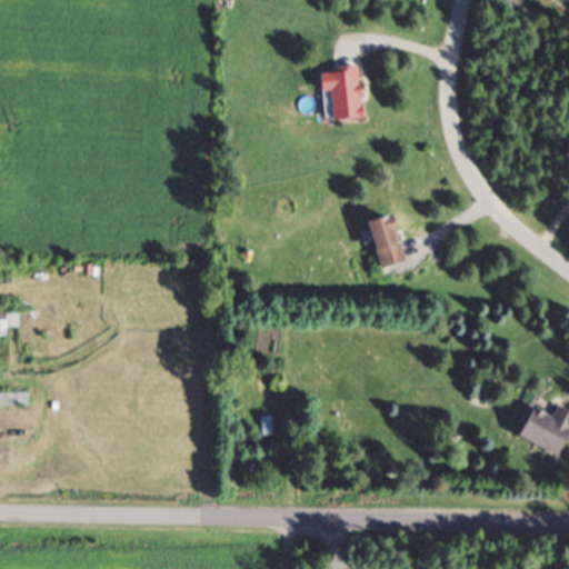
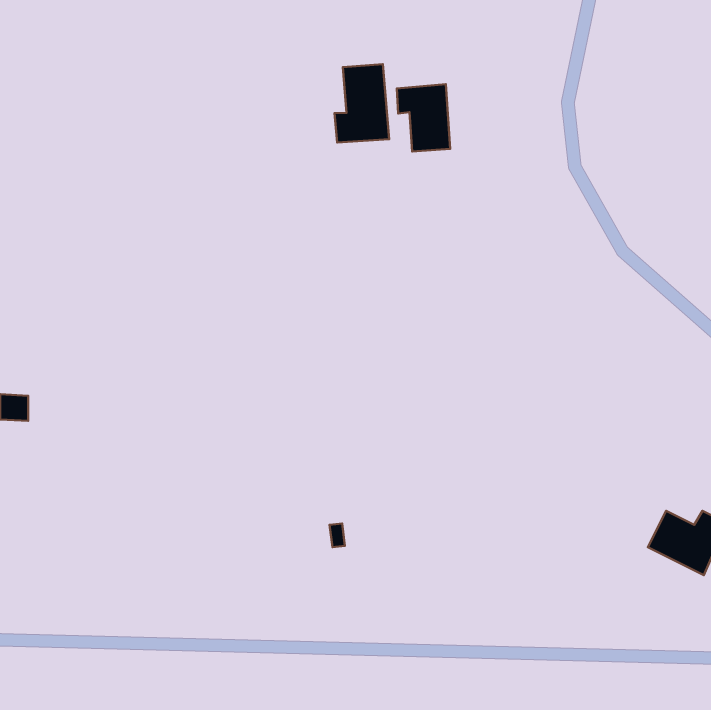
building: none -> [334,64,389,142]
building: [365,212,408,269] -> none

